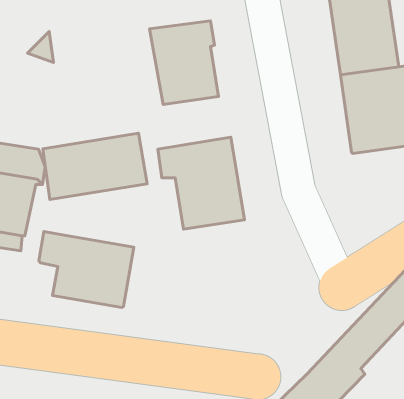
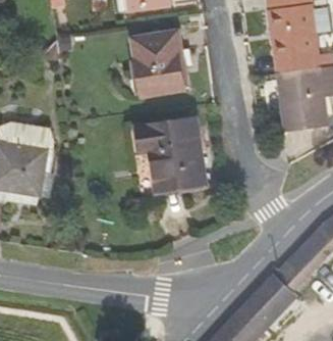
building: [43,133,147,200] -> none
building: [39,232,134,307] -> none

